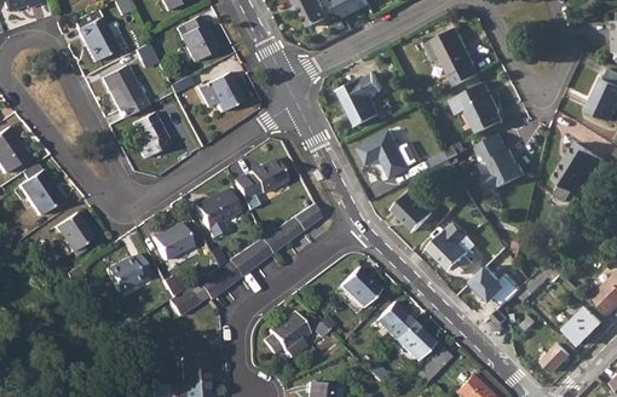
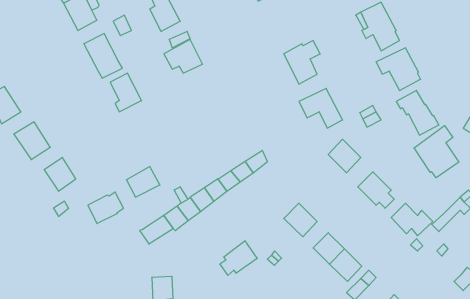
building: [235,159,288,209] -> none
building: none -> [414,126,459,178]
building: [196,188,240,237] -> none

